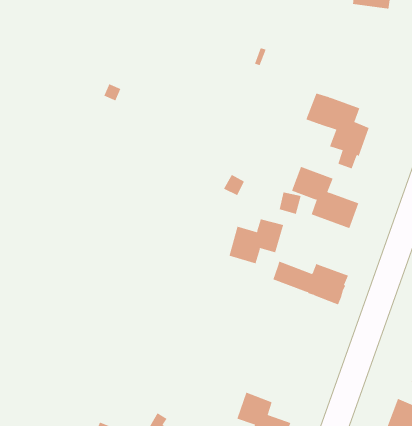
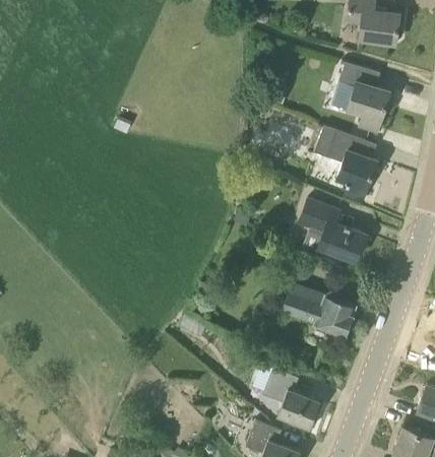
building: none -> [339,62,390,131]
building: [229,218,284,264] -> none
building: none -> [262,369,320,429]

